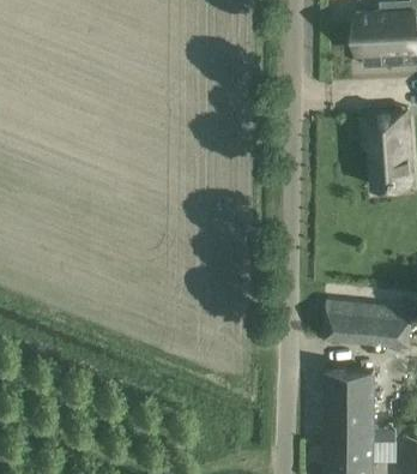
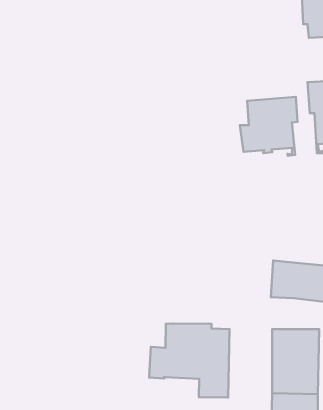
building: none -> [240,97,298,156]
building: none -> [149,324,229,398]

